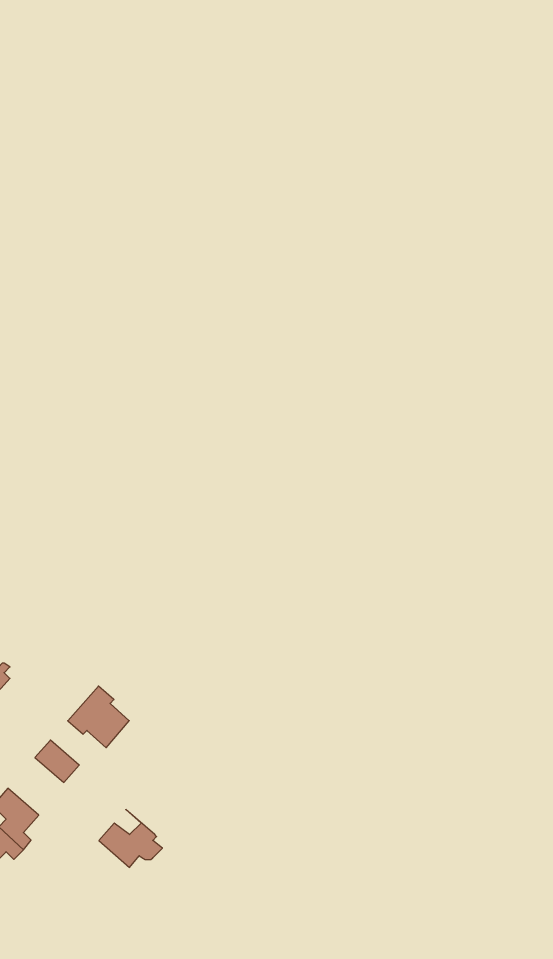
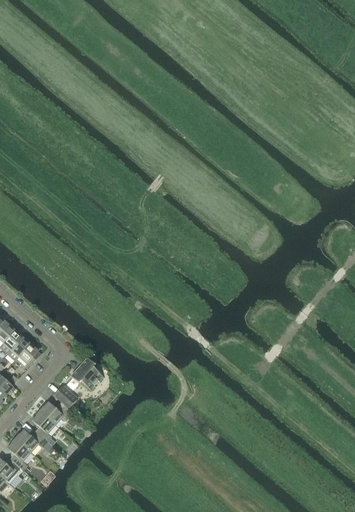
building: [99,810,162,867] -> [39,394,72,424]

